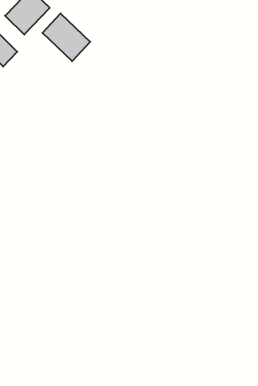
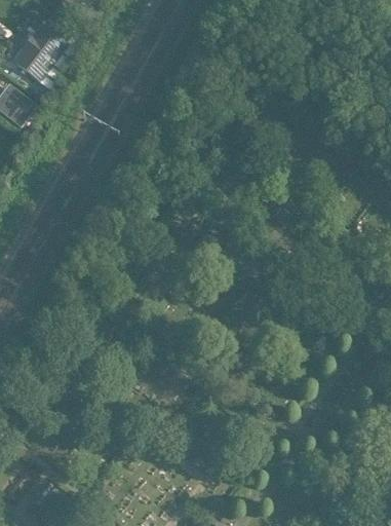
building: [42,13,90,61] -> none

